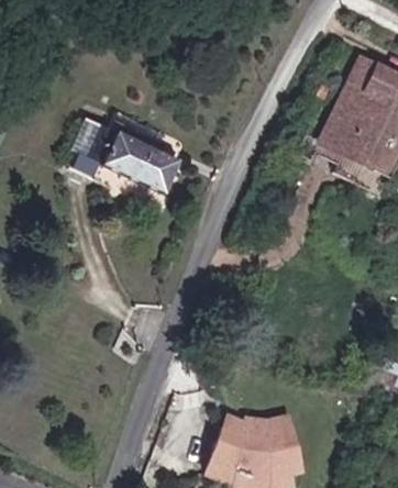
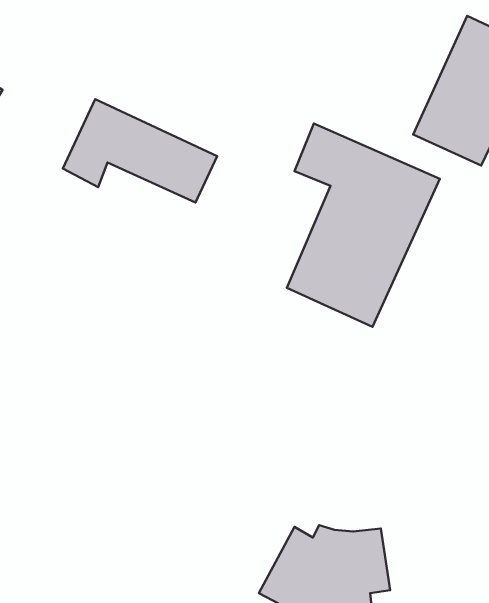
building: none -> [287,123,440,327]

